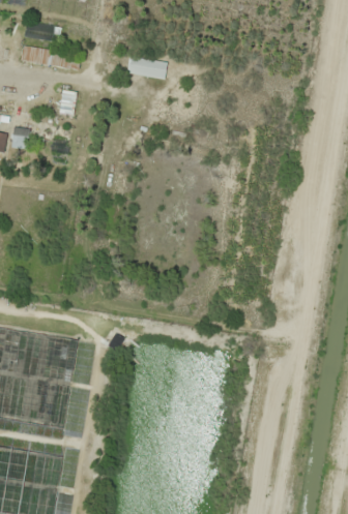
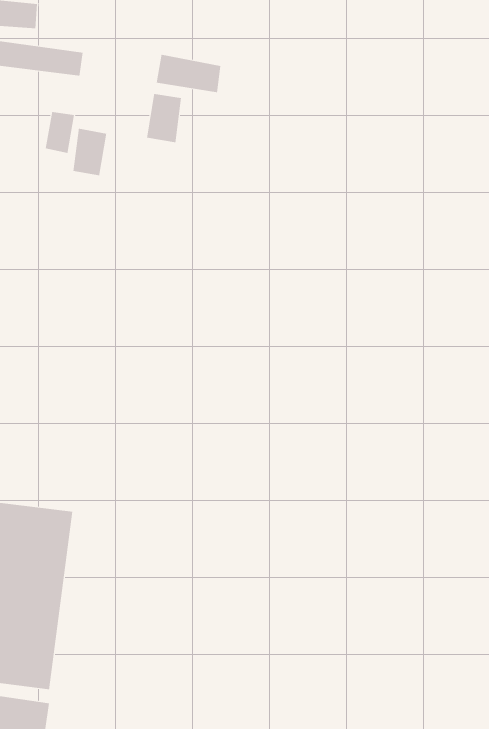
building: none -> [147,93,181,143]
building: none -> [73,128,107,176]

